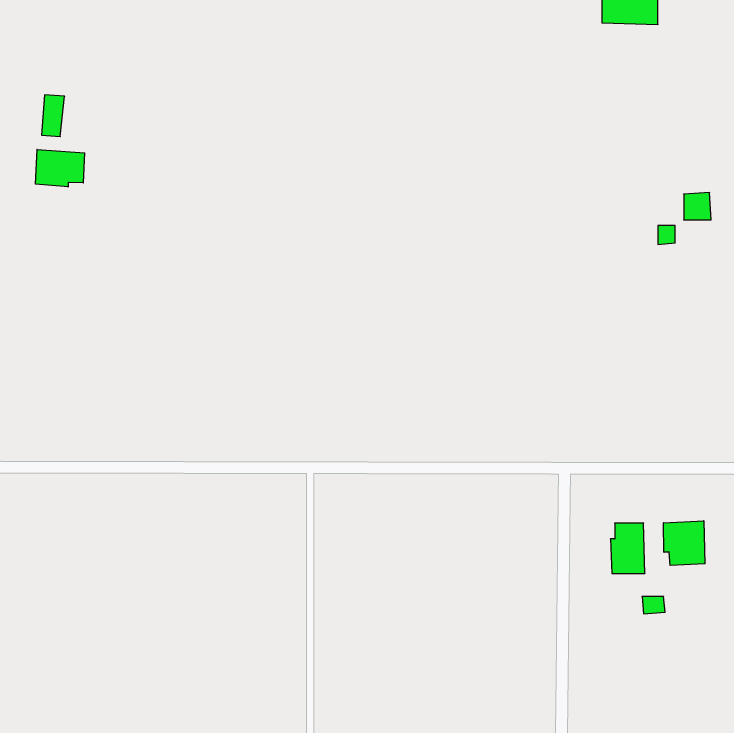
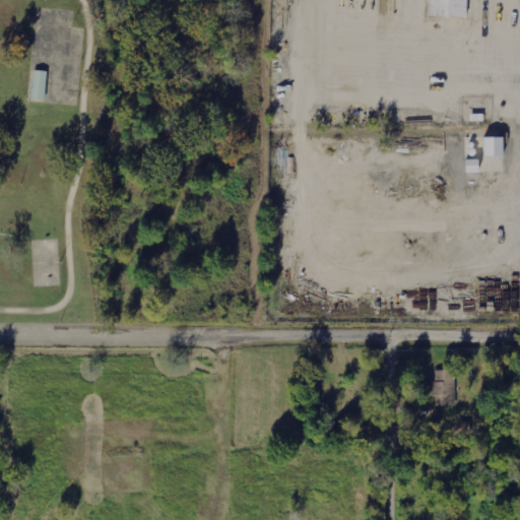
building: [36,149,85,187] -> none
building: [664,521,705,565] -> none

